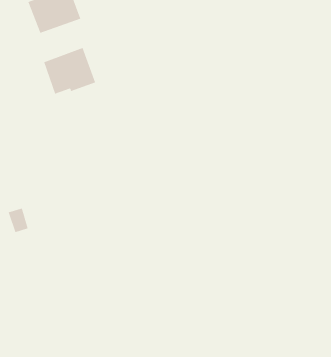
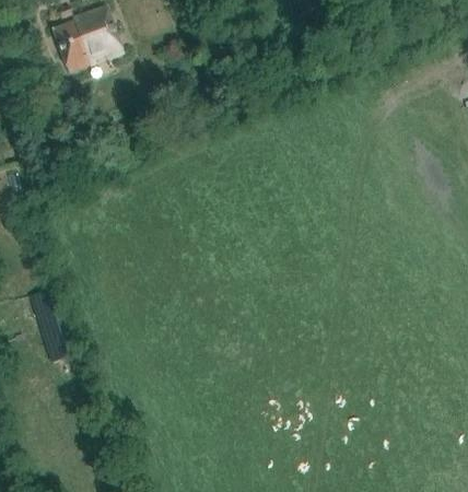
building: [43,47,96,94] -> none

